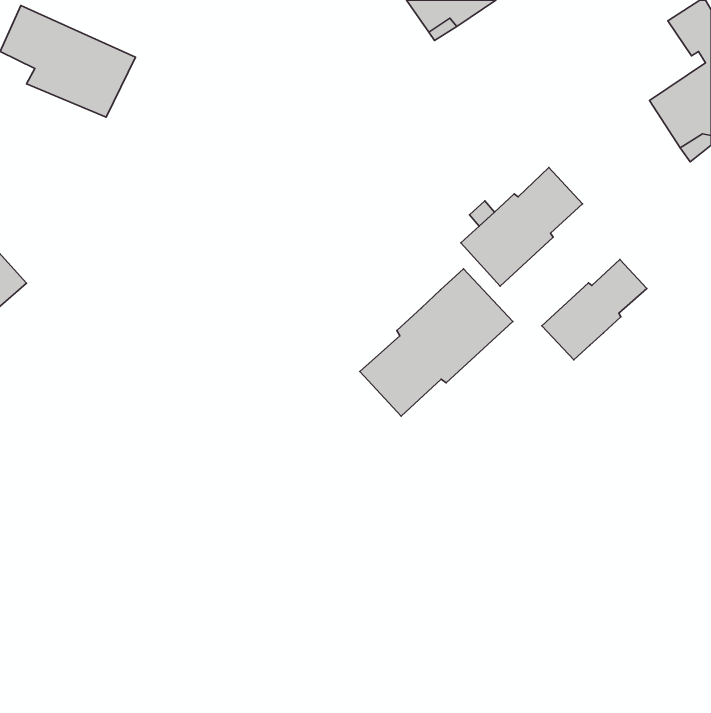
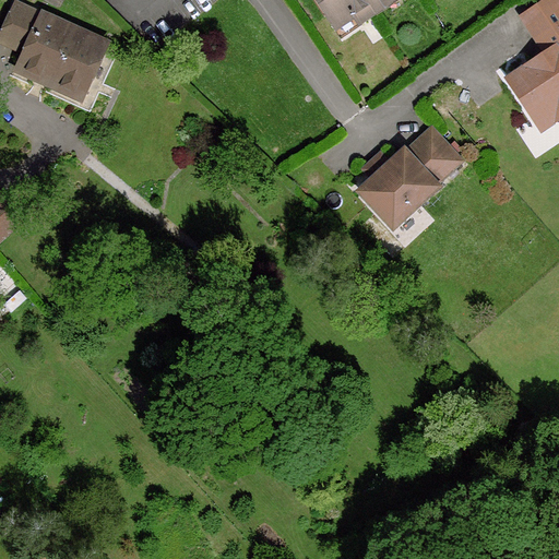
building: [542,259,647,360] -> none
building: [360,269,513,416] -> none

